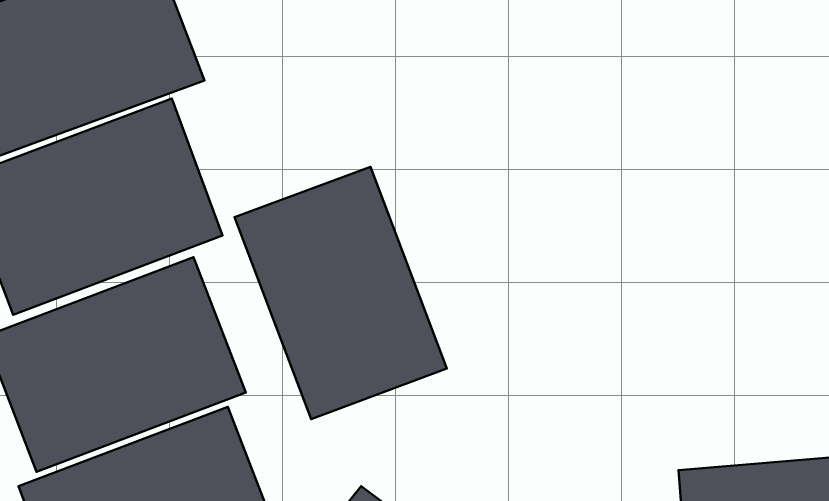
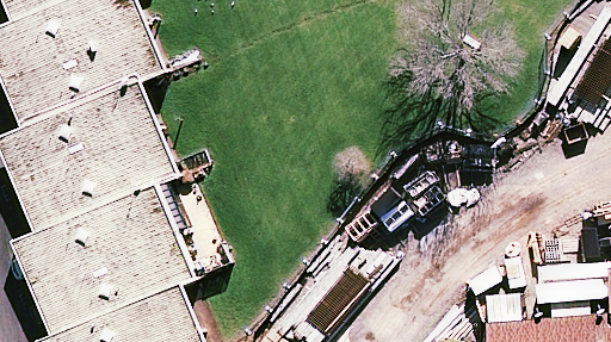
building: [235,167,447,419] -> none

